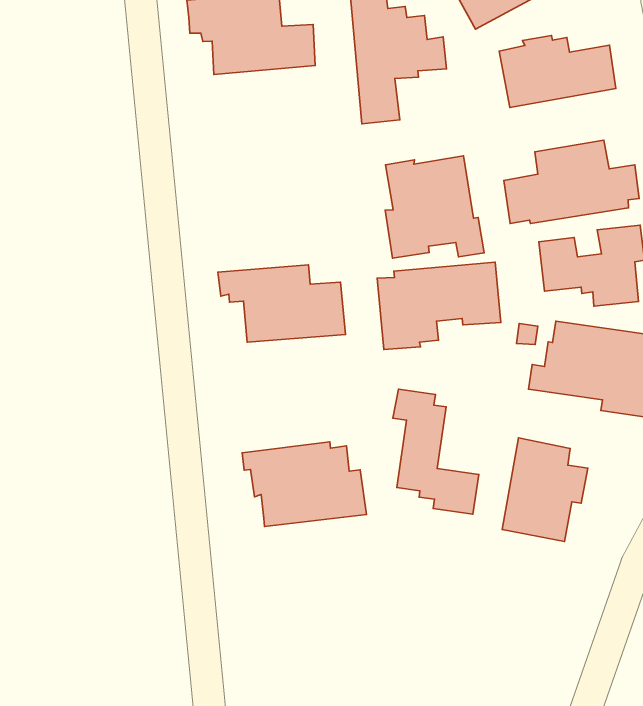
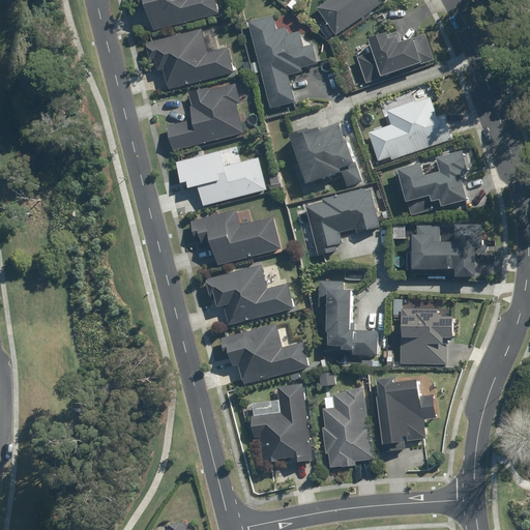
building: none -> [163,83,239,151]
building: none -> [173,149,265,205]
building: none -> [203,263,291,326]
building: none -> [249,382,312,462]
building: none -> [378,378,434,449]
building: none -> [321,386,372,467]

